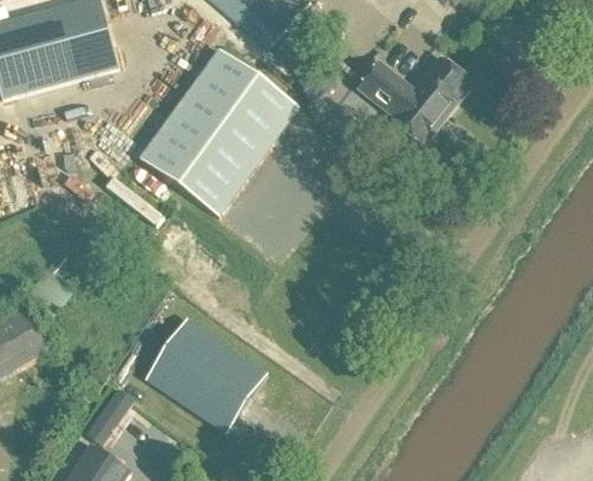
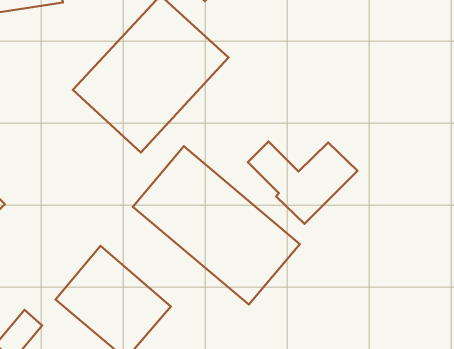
building: [356,57,471,145] -> [248,142,357,224]
building: none -> [133,146,300,305]

